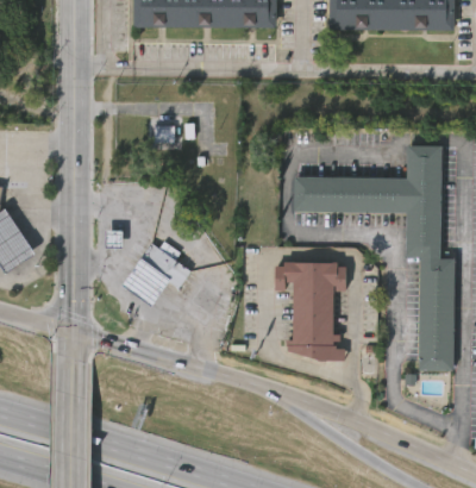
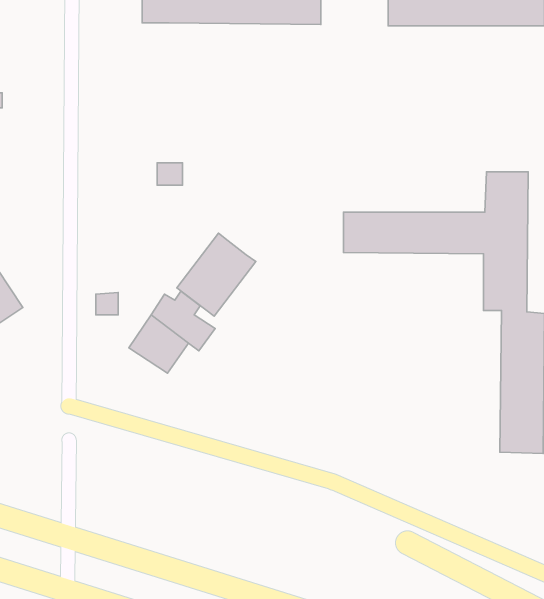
building: none -> [177,233,256,316]
building: [274,262,345,362] -> none

